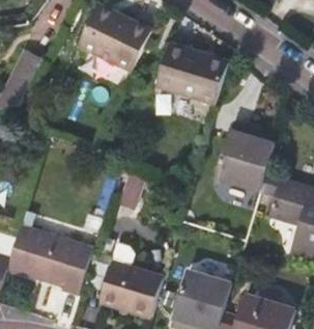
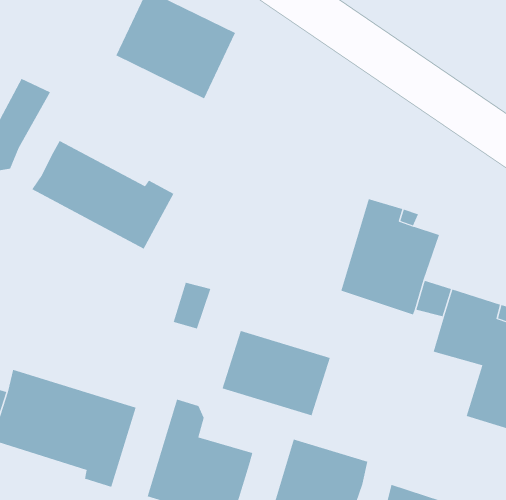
building: [156,42,228,104] -> none
building: none -> [32,140,174,250]
building: none -> [222,330,331,416]

